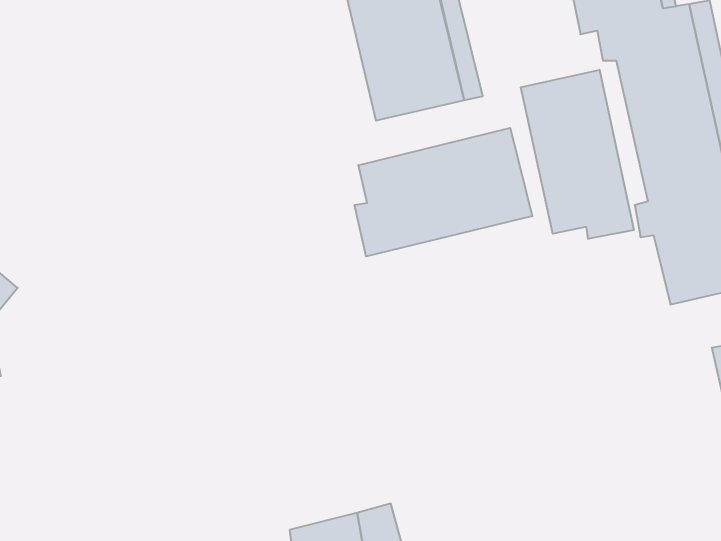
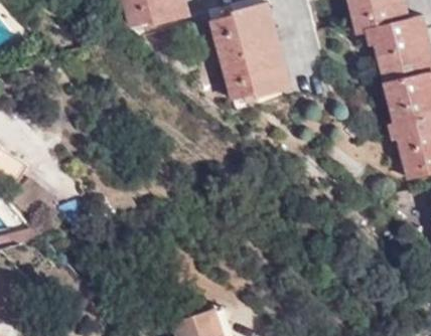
building: [521,70,634,239] -> none
building: [355,128,532,256] -> none

